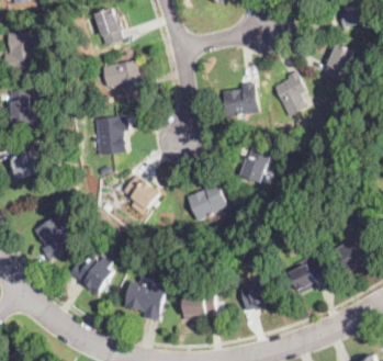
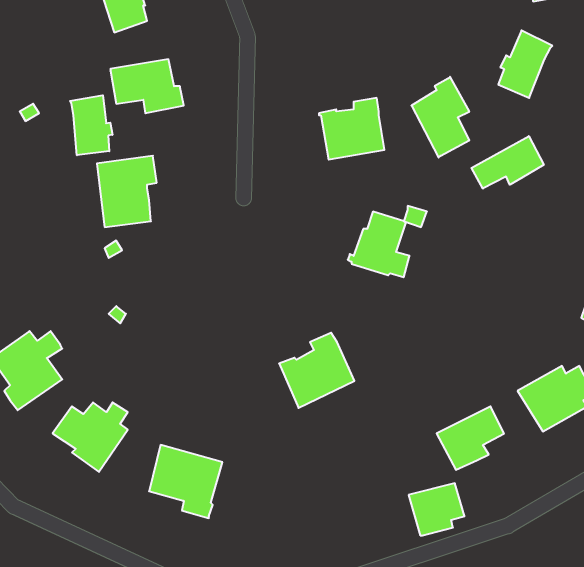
building: none -> [70,95,112,155]
building: none -> [471,136,544,189]
building: [122,173,159,210] -> none
building: [185,179,228,222] -> [279,333,354,408]
building: [239,281,271,311] -> [409,483,465,535]
building: [182,293,215,320] -> none

